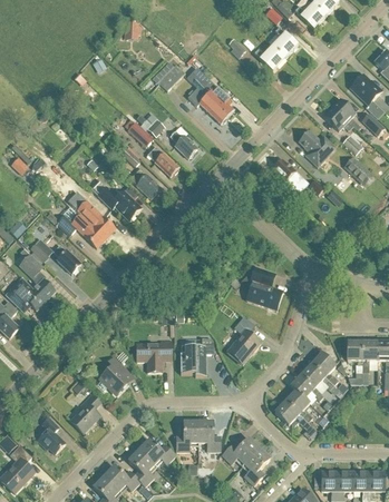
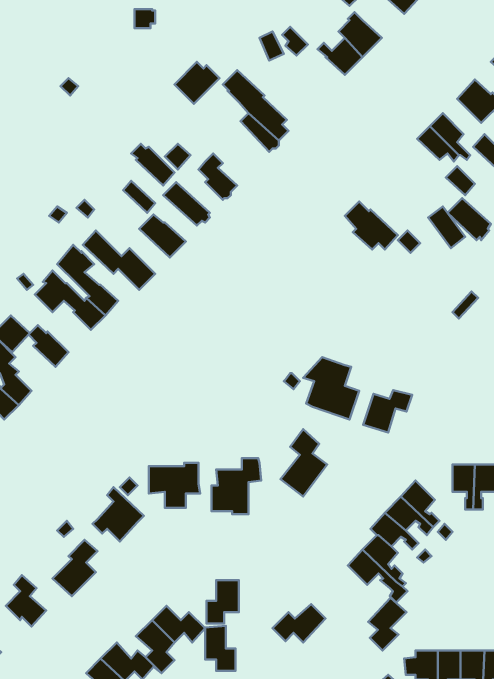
building: [299,130,334,166] -> none
building: none -> [363,390,412,433]
building: [198,420,220,451] -> [205,626,236,671]
building: [243,447,270,484] -> [368,598,407,651]

